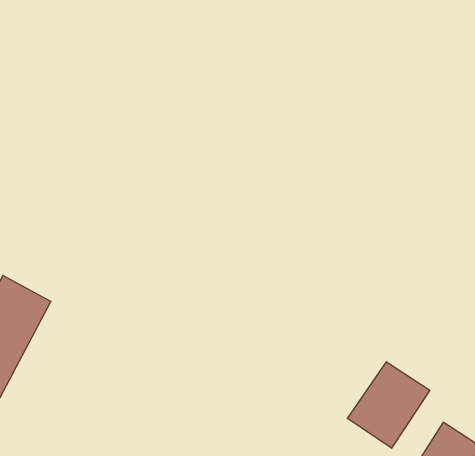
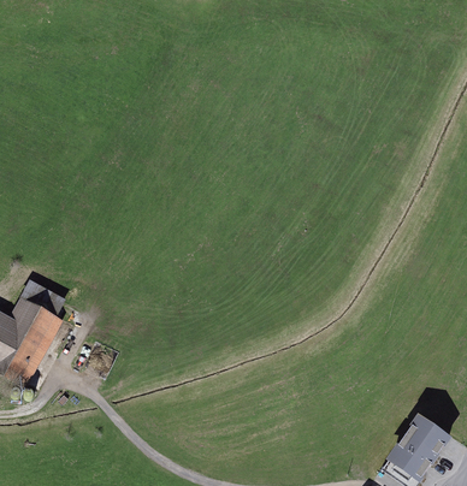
building: [347,362,430,448] -> none

